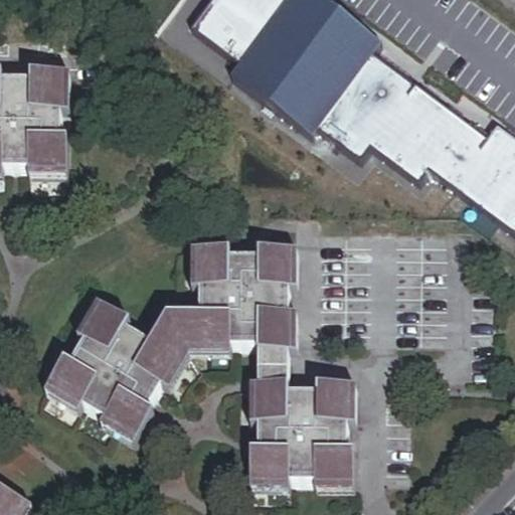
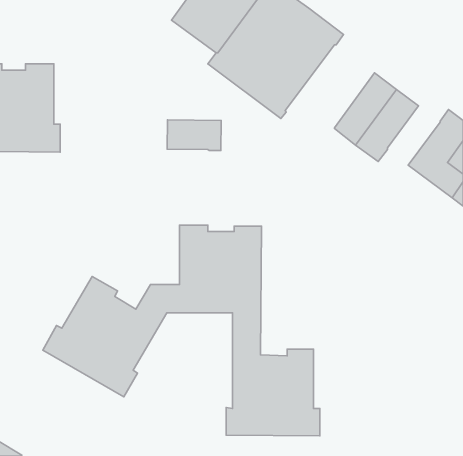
building: [315,49,413,156] -> none
building: [427,117,486,182] -> none
building: none -> [167,120,221,151]

